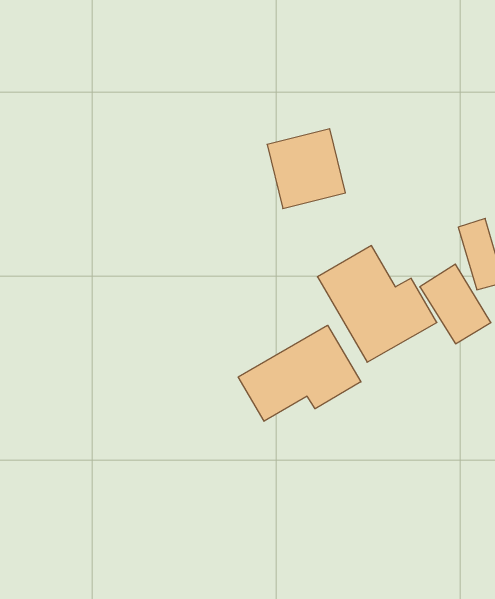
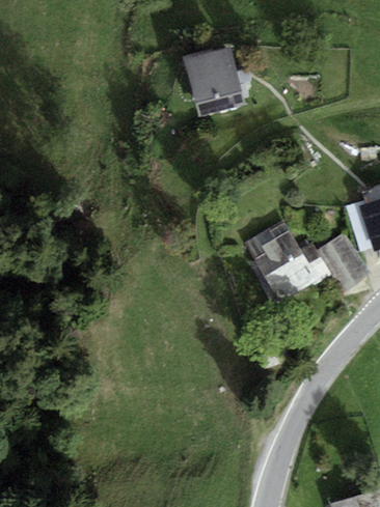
building: [267,129,345,209] -> [185,47,242,105]
building: [238,325,361,421] -> none

